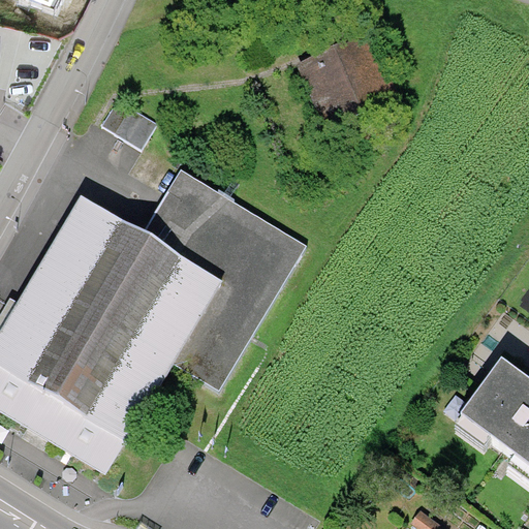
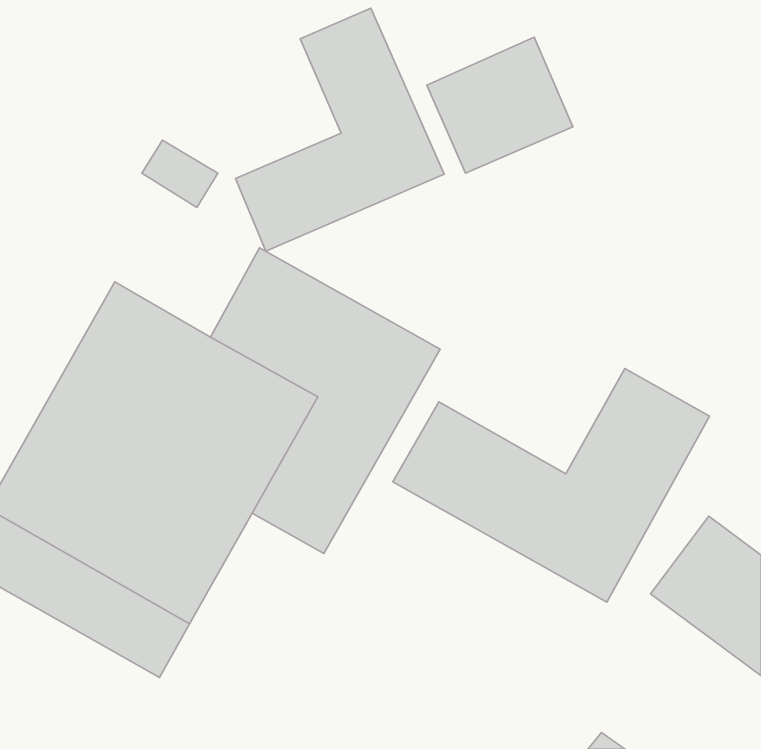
building: none -> [235,8,444,251]
building: none -> [393,368,710,602]

